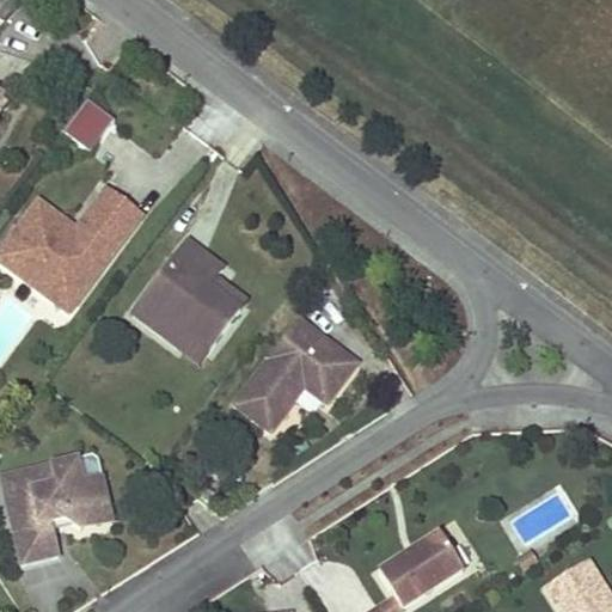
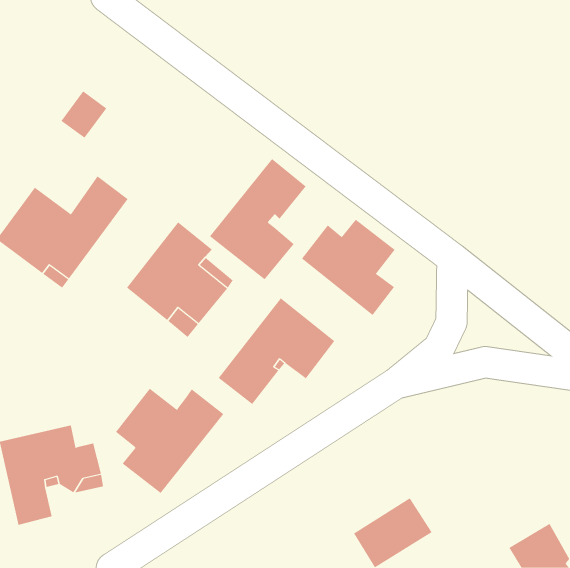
building: none -> [209,158,307,280]
building: none -> [301,219,395,316]
building: none -> [115,388,224,494]

